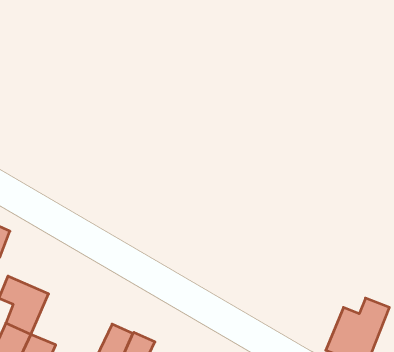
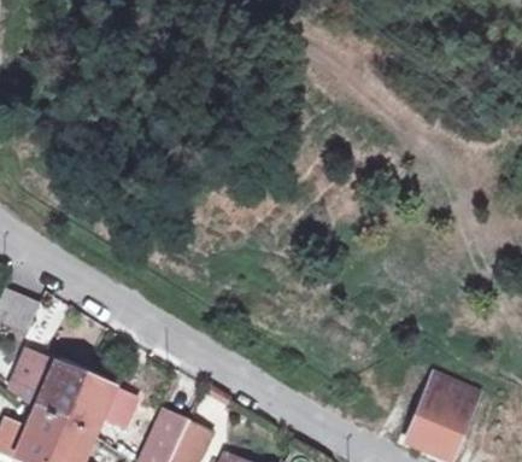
building: none -> [64,376,135,435]

